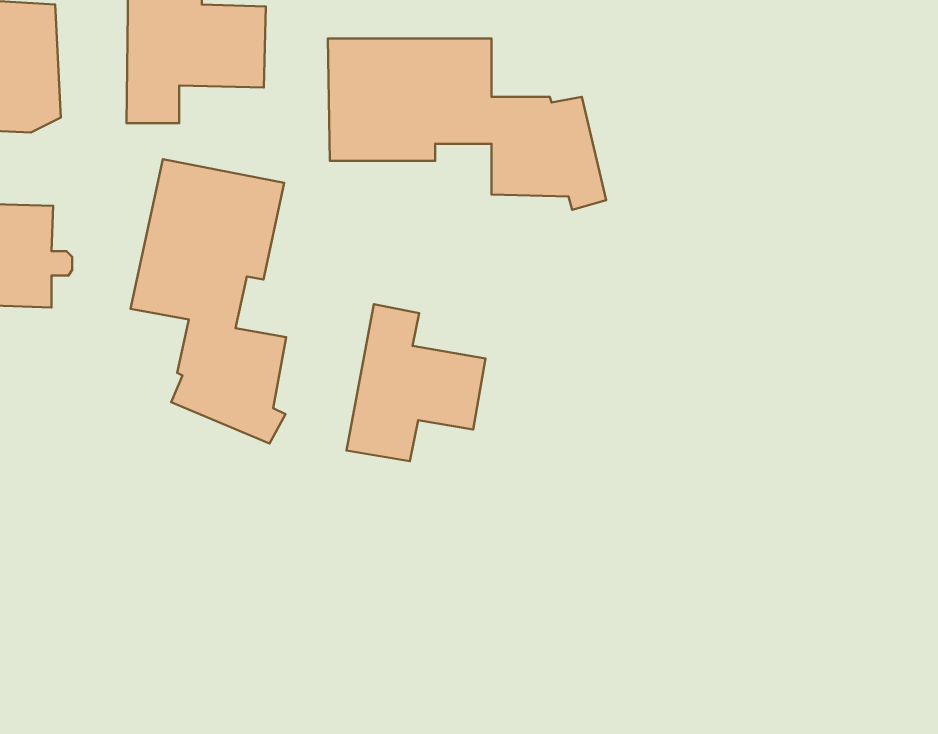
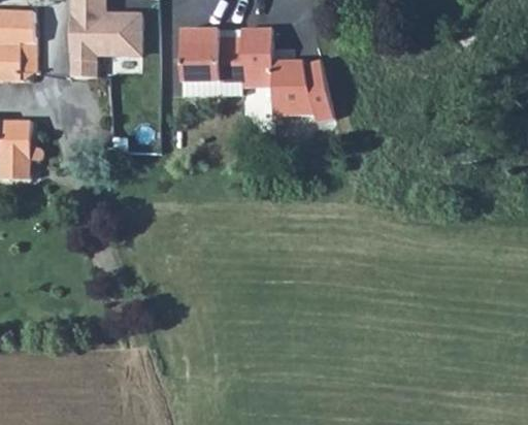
building: [131,159,286,443] -> none
building: [347,304,486,461] -> none

